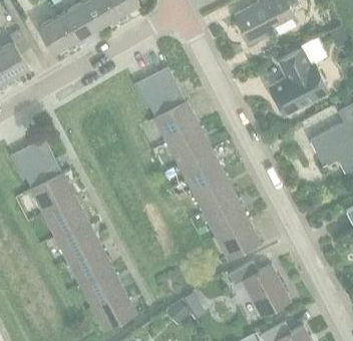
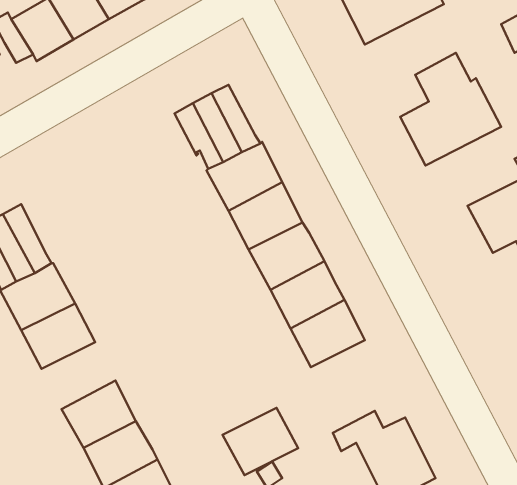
building: [216,220,261,260] -> [223,408,298,475]
building: [55,221,99,261] -> none

